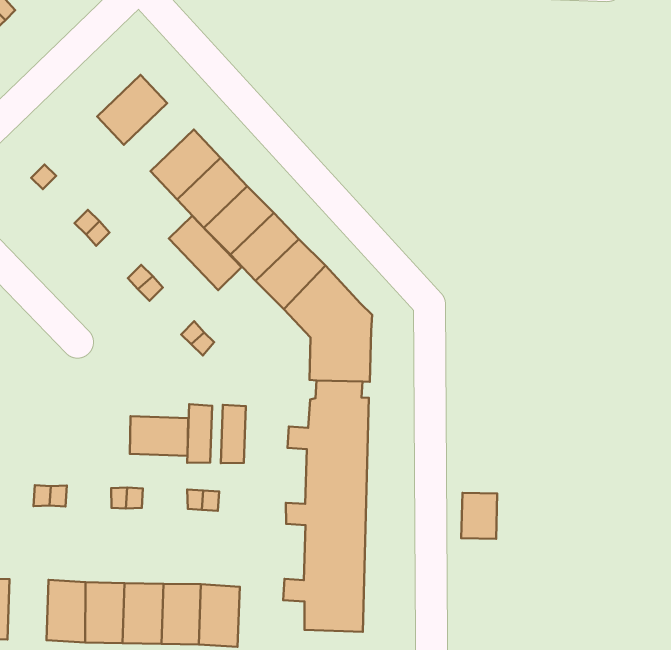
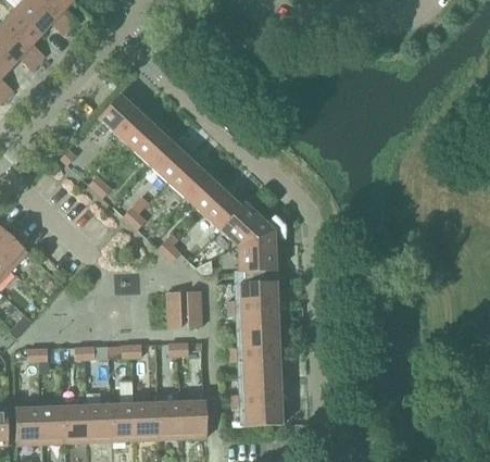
building: none -> [116,108,159,150]
building: [169,216,242,290] -> none
building: [130,416,188,456] -> none
building: [461,493,497,539] -> none
building: none -> [63,404,88,442]

